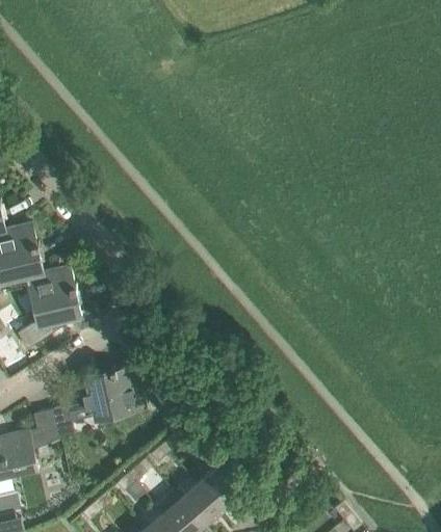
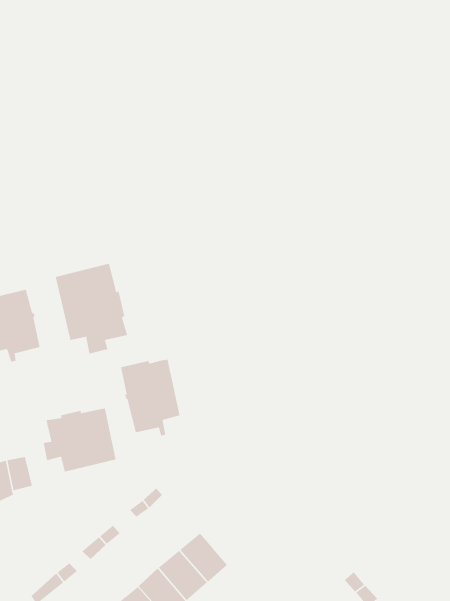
building: none -> [55,263,128,355]
building: none -> [120,359,180,437]

